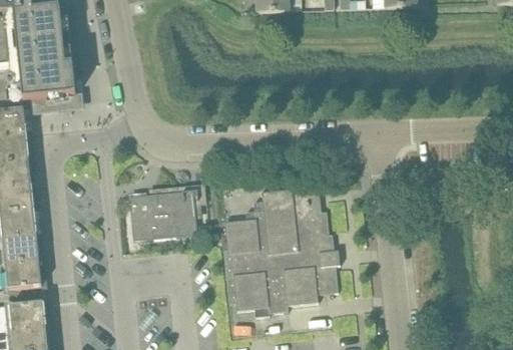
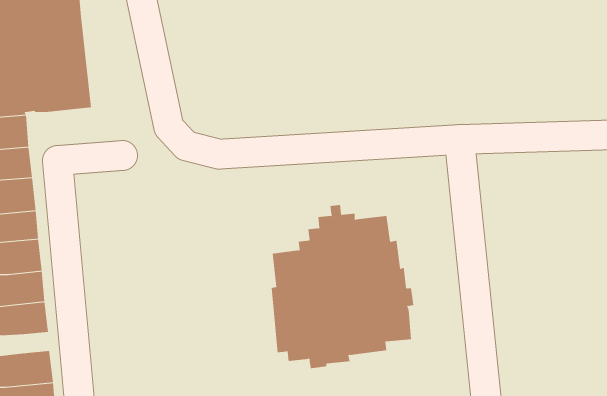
building: [128,187,203,240] -> none

